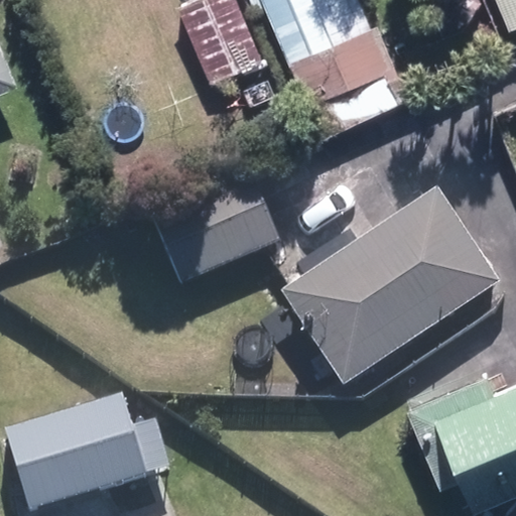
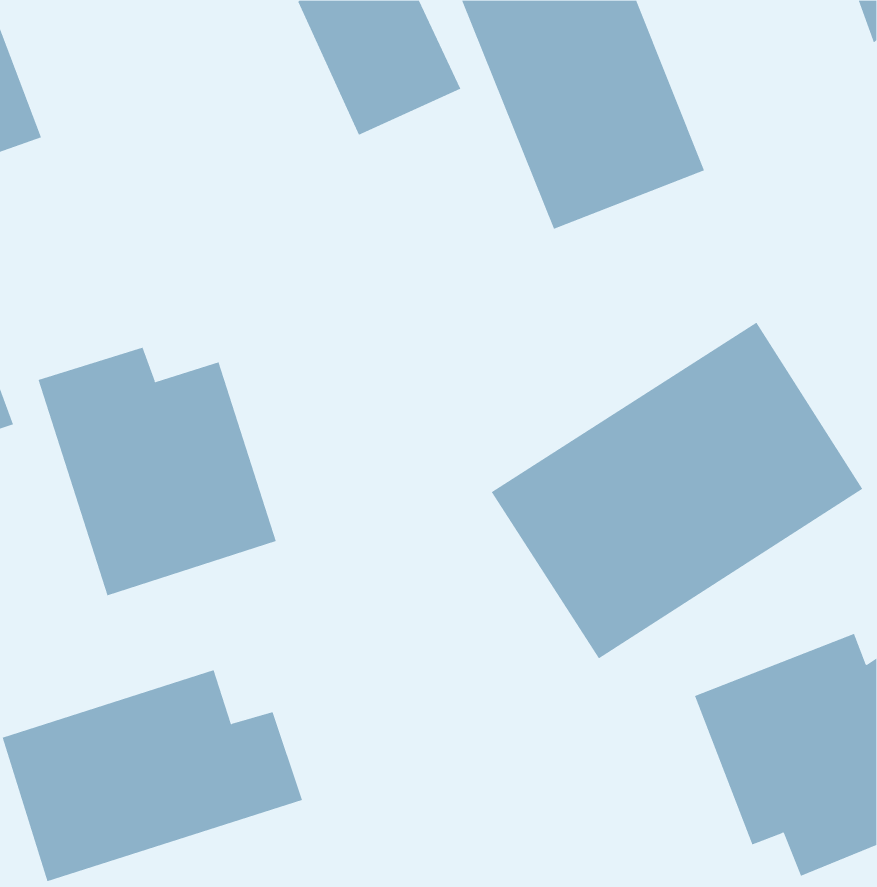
building: [142,167,281,290] -> none
building: none -> [38,347,276,596]

